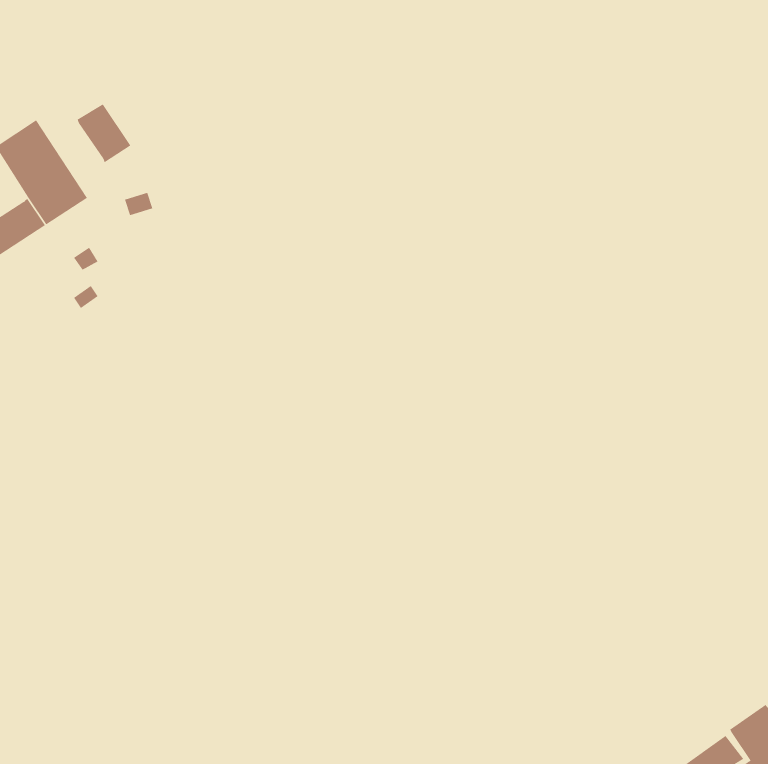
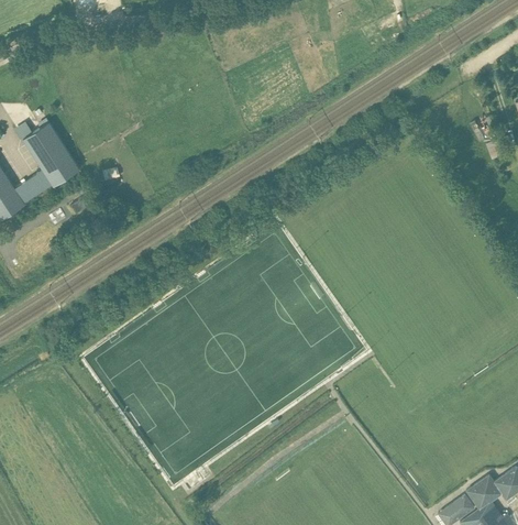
building: [77,104,131,163] -> none

